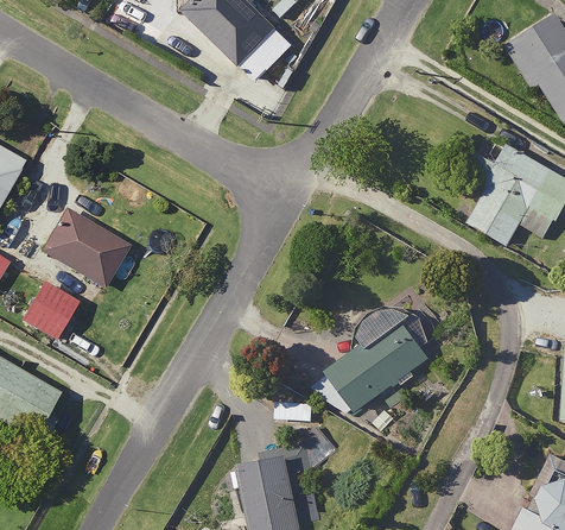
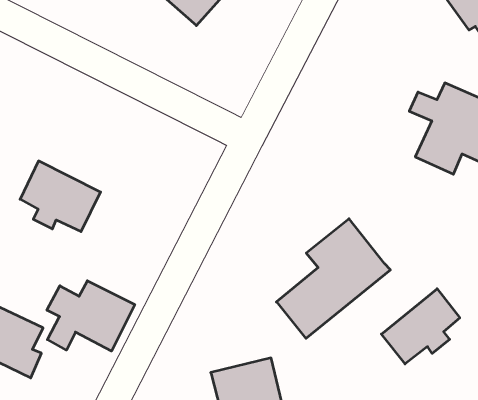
building: [21,283,76,339] -> none
building: none -> [47,281,135,351]
building: none -> [381,289,460,364]

